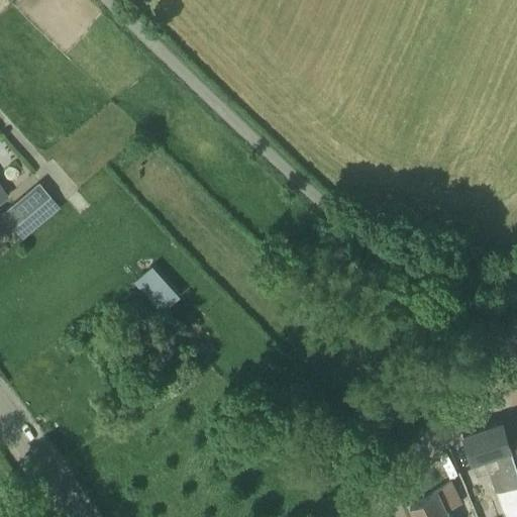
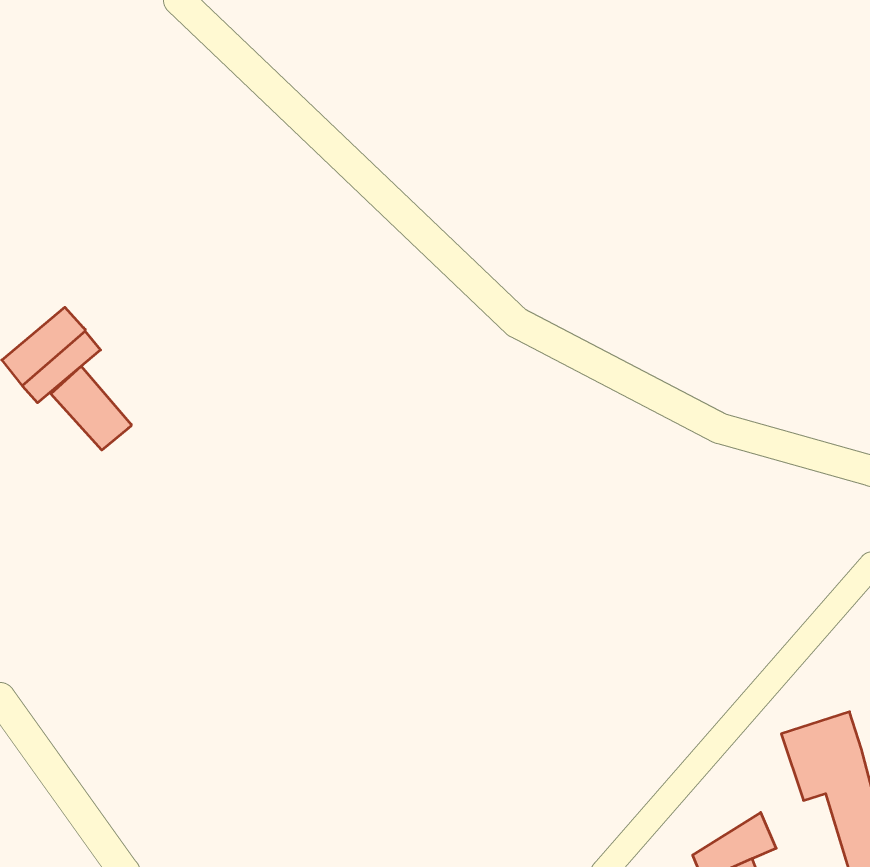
building: none -> [51,366,131,450]
building: [130,267,176,313] -> none

